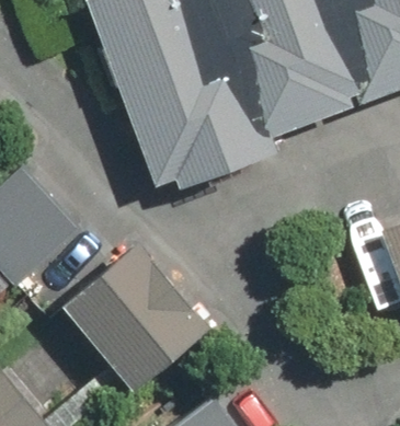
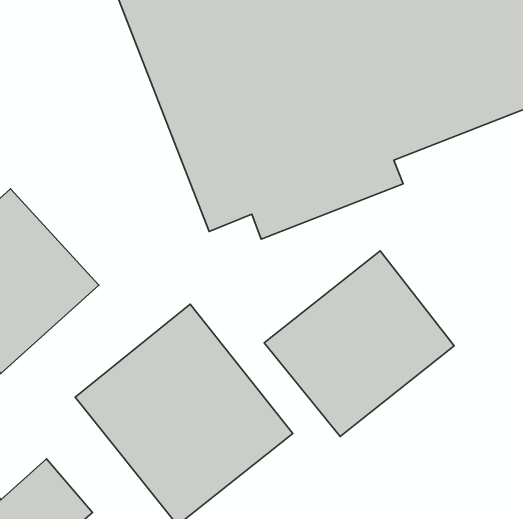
building: none -> [264,251,454,437]

